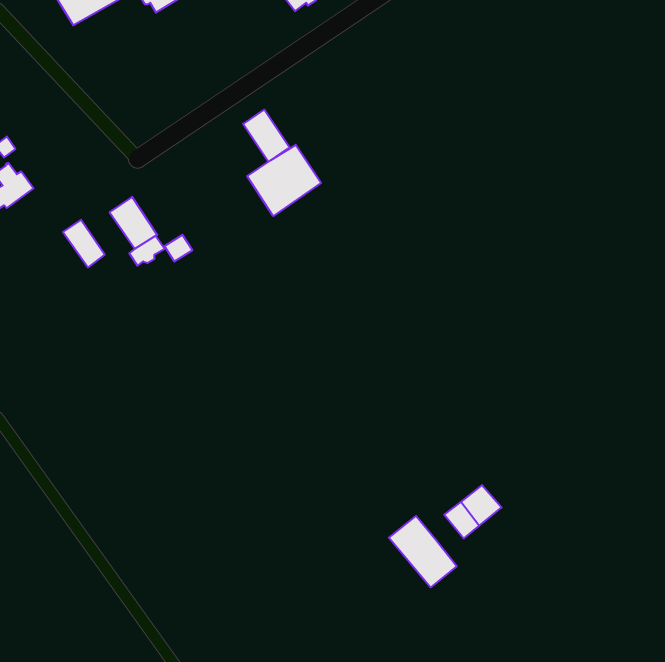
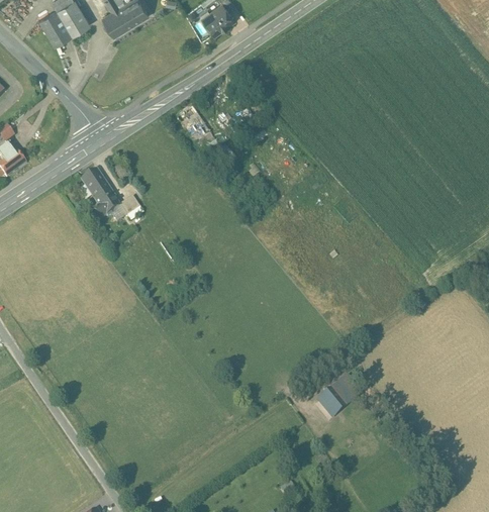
building: [247,145,321,216] -> none
building: [63,220,105,267] -> none
building: [389,516,457,587] -> none

